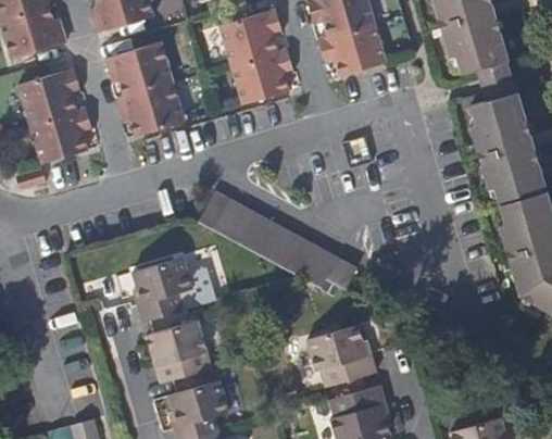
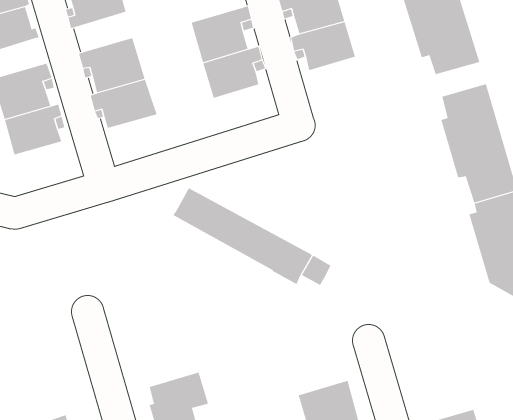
building: [118,253,205,326] -> none
building: [142,319,208,385] -> none
building: [310,326,374,387] -> none

